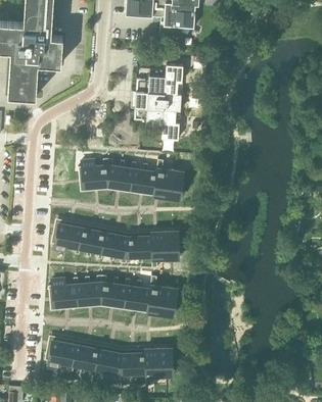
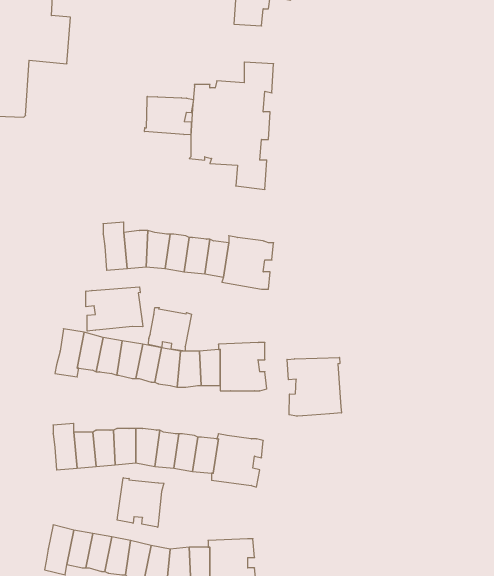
building: none -> [145,96,193,135]
building: none -> [86,287,143,331]
building: none -> [148,308,192,351]
building: none -> [287,357,341,416]
building: none -> [117,478,164,527]

